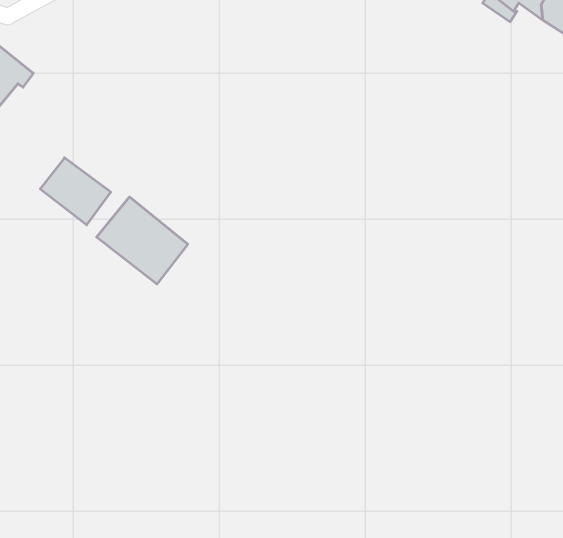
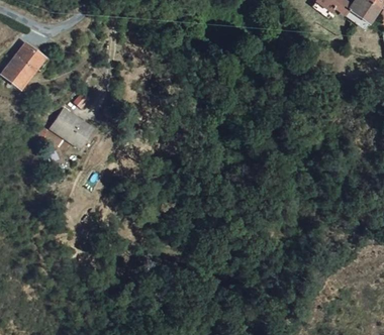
building: [97,197,188,284] -> none

